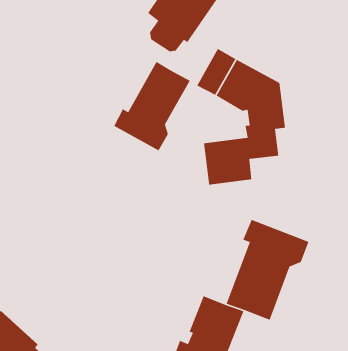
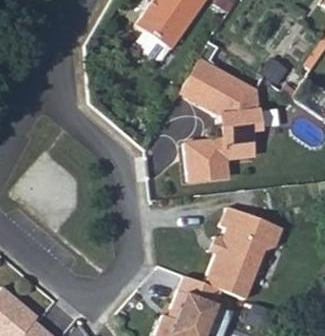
building: [113,61,191,152] -> none

